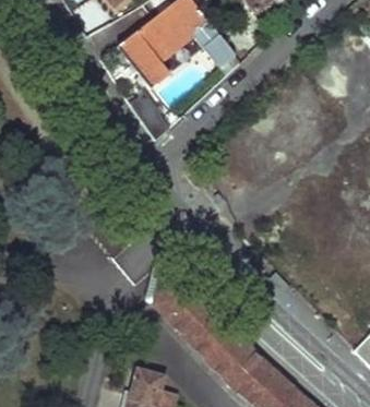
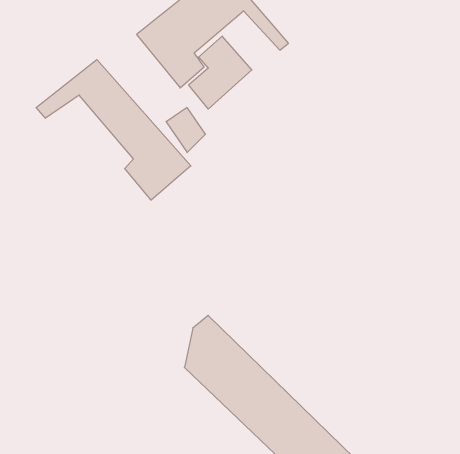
building: none -> [36,60,191,200]

